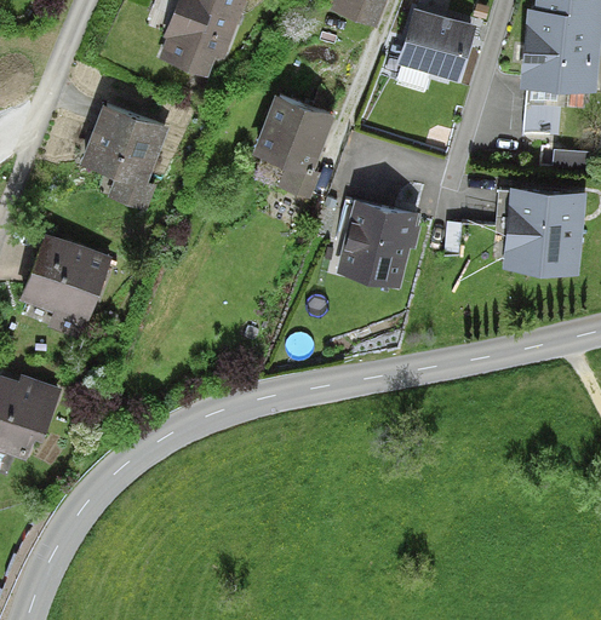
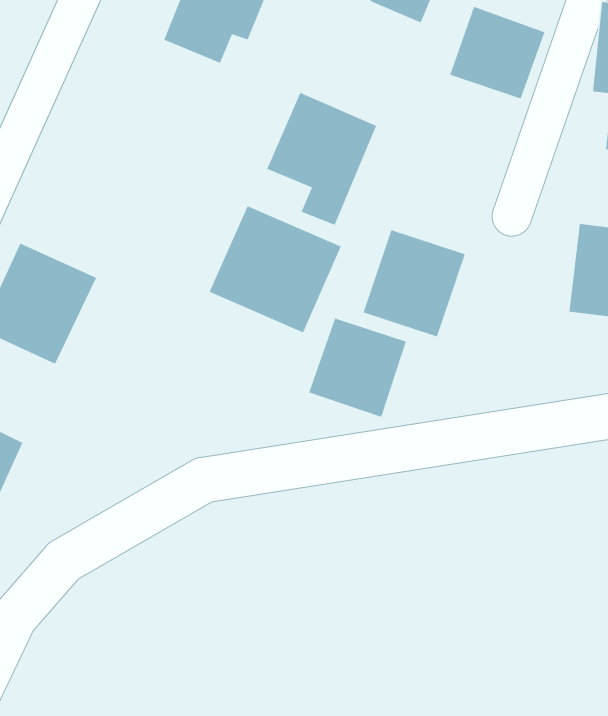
building: [80,101,162,206] -> none
building: none -> [209,205,342,334]
building: none -> [308,317,407,418]

